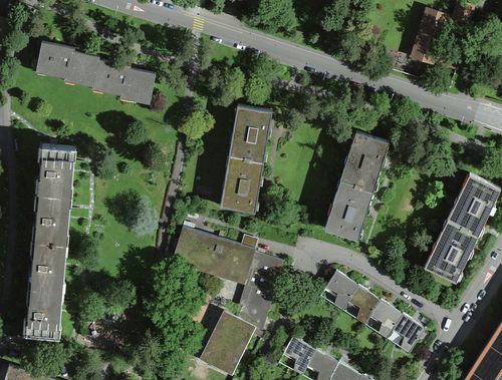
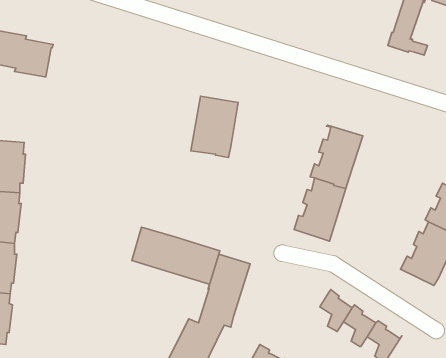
building: [91,59,155,104] -> none
building: [220,155,263,213] -> none
building: [325,271,356,310] -> none

